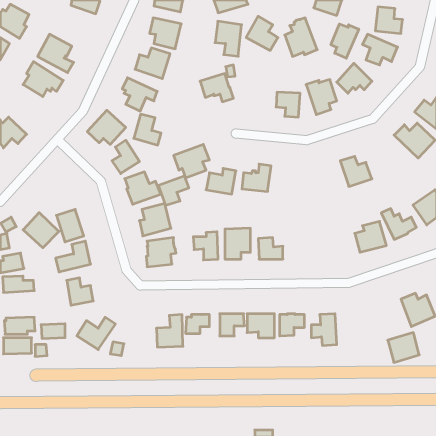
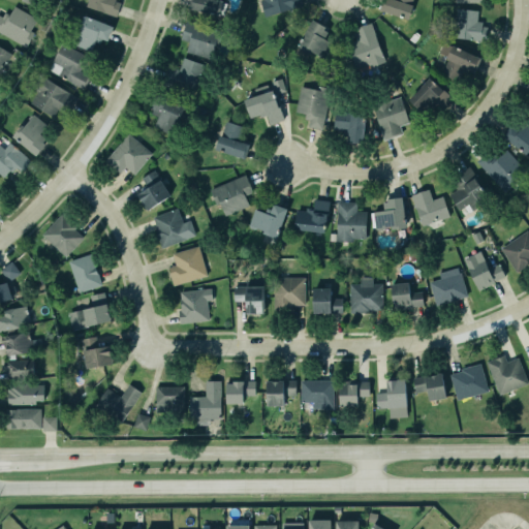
building: none -> [72,14,114,52]
building: [215,21,242,56] -> [297,88,329,130]
building: [331,24,359,58] -> none
building: none -> [12,115,48,157]
building: [134,114,161,145] -> [217,122,250,159]
building: none -> [453,168,490,215]
building: none -> [374,199,406,230]
building: none -> [335,201,366,242]
building: [158,176,189,205] -> none
building: [23,213,59,248] -> [42,215,86,257]
building: none -> [350,277,383,313]
building: none -> [391,283,423,311]
building: none -> [412,374,445,402]
building: none -> [156,386,185,413]
building: [41,324,65,338] -> [6,361,35,378]
building: [388,333,419,362] -> [450,365,489,401]

